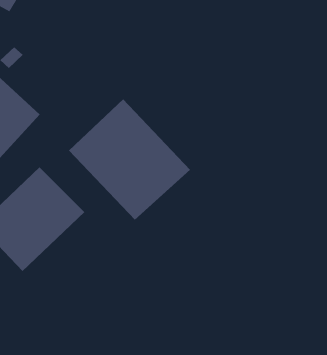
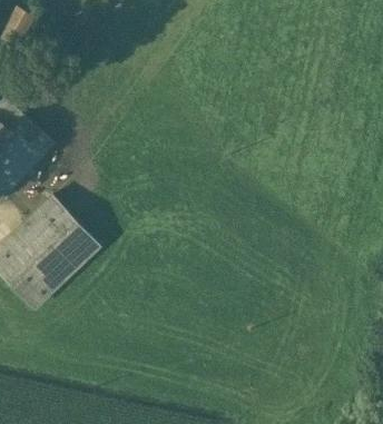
building: [68,98,191,220] -> none

